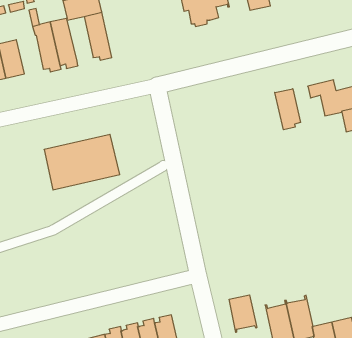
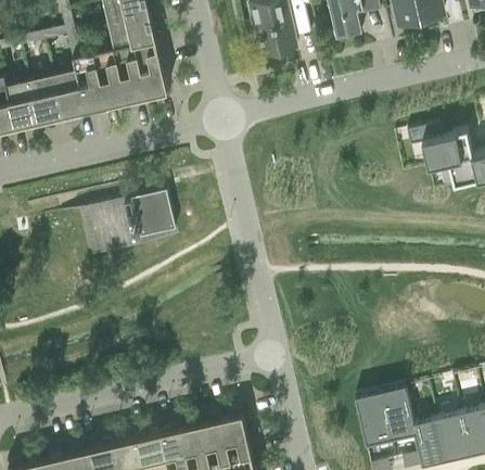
building: none -> [114,47,146,105]
building: none -> [52,69,85,116]
building: [275,89,301,130] -> none
building: [229,295,257,332] -> none

